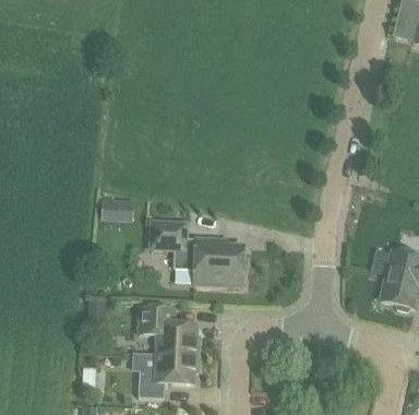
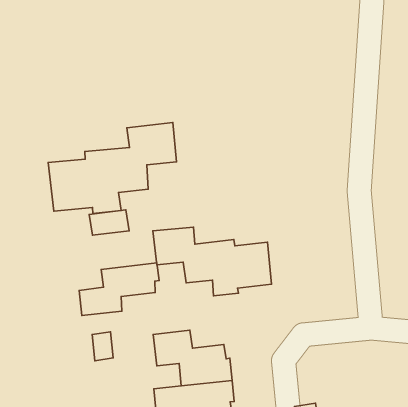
building: none -> [48,122,176,214]
building: none -> [79,263,159,316]

